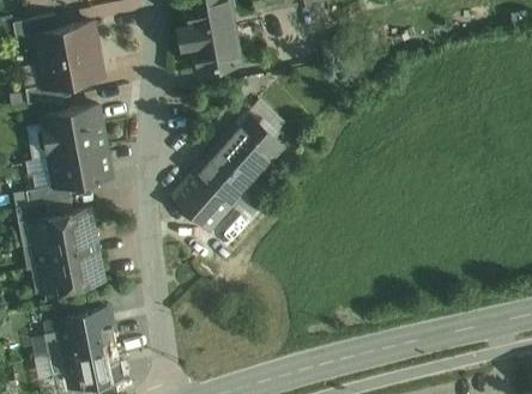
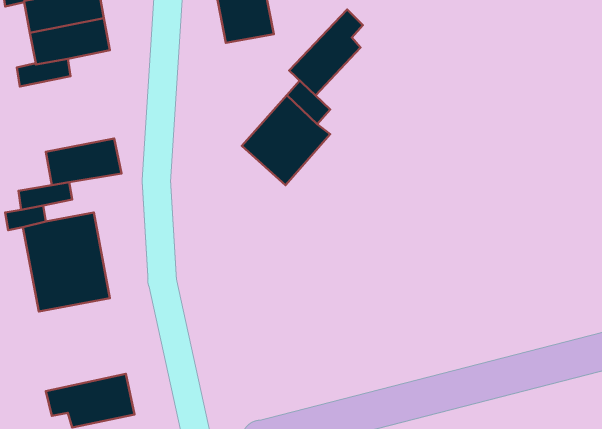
building: none -> [289,10,363,95]
building: [42,107,107,159] -> none
building: [173,154,248,232] -> none
building: [47,309,116,357] -> none

